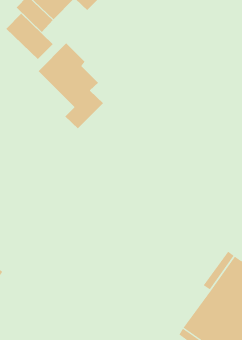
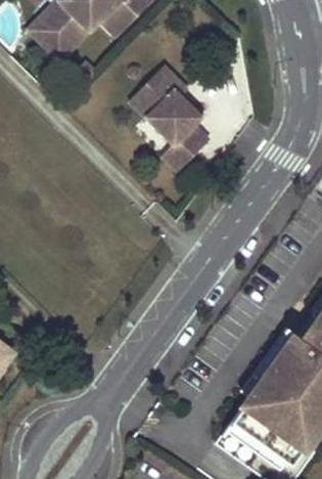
building: [6,13,54,60] -> none
building: [38,43,104,129] -> [130,66,211,171]

